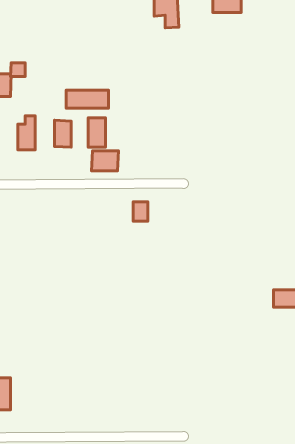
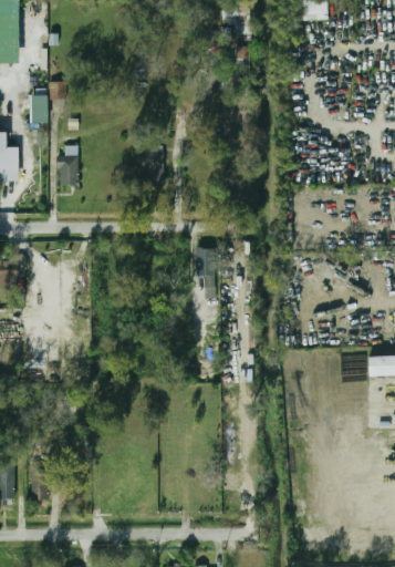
building: [66,90,108,108] -> none
building: [54,120,71,147] -> none
building: [92,151,118,171] -> none

